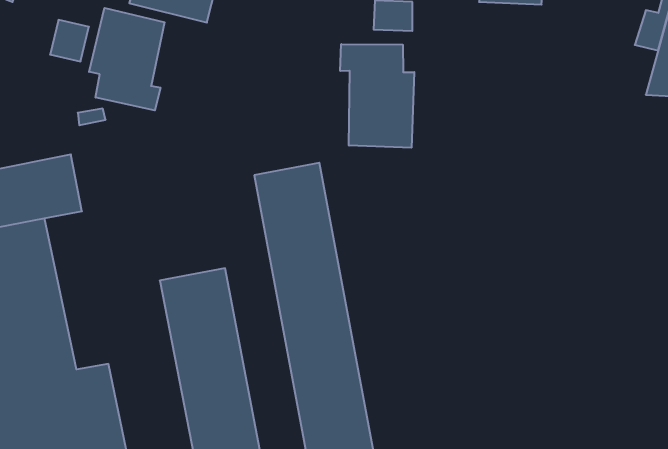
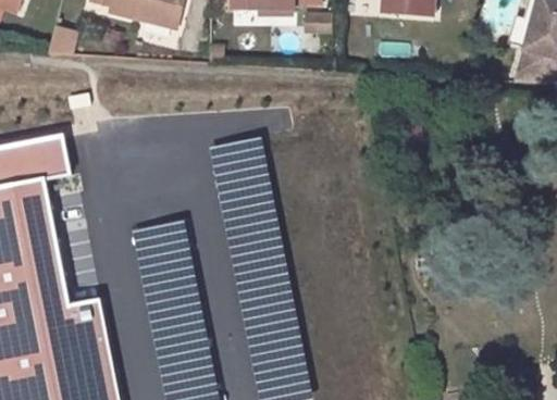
building: [89,8,165,110] -> none
building: [340,44,414,148] -> none

